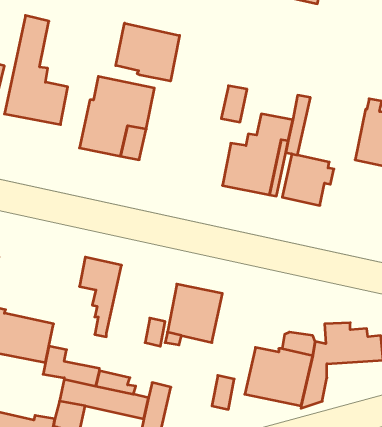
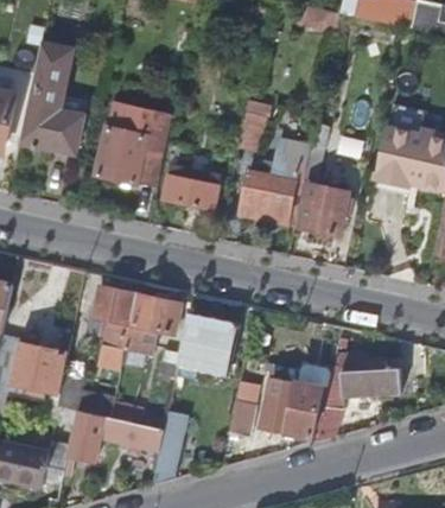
building: [116,23,180,81] -> none
building: none -> [161,167,217,209]
building: none -> [121,294,180,367]

